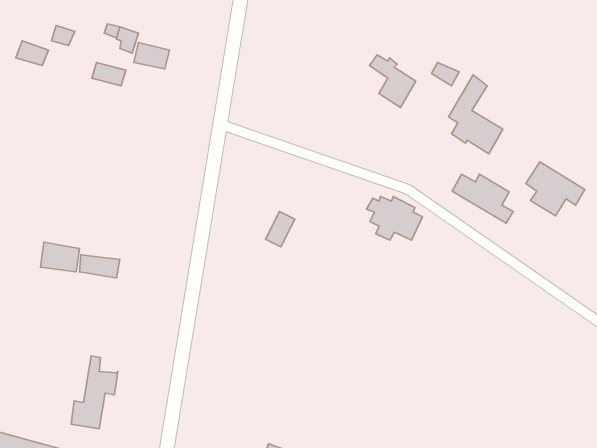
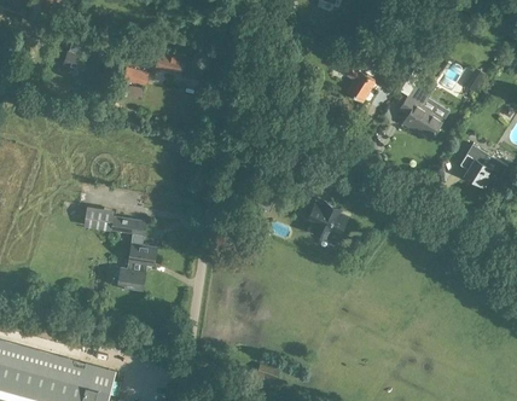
building: [452,174,513,223] -> none
building: [367,197,422,240] -> [303,202,347,236]
building: [71,356,118,429] -> [118,234,155,291]

